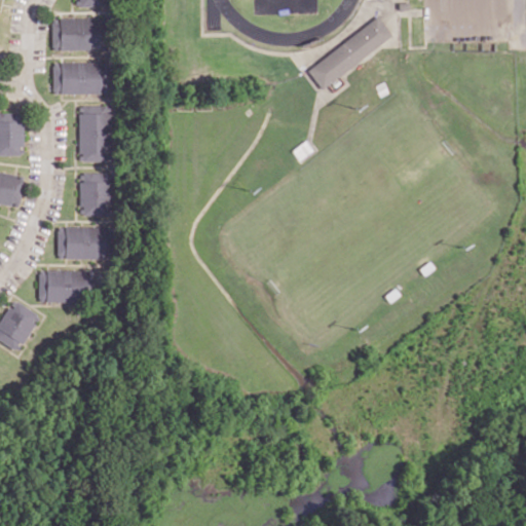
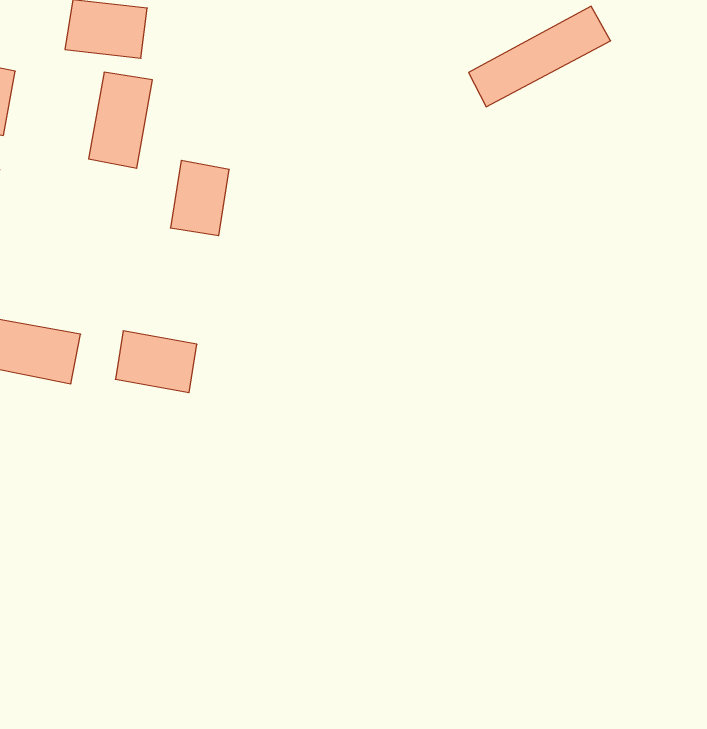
building: [79,173,110,216] -> [170,160,229,236]
building: [57,227,104,259] -> [115,331,197,393]

